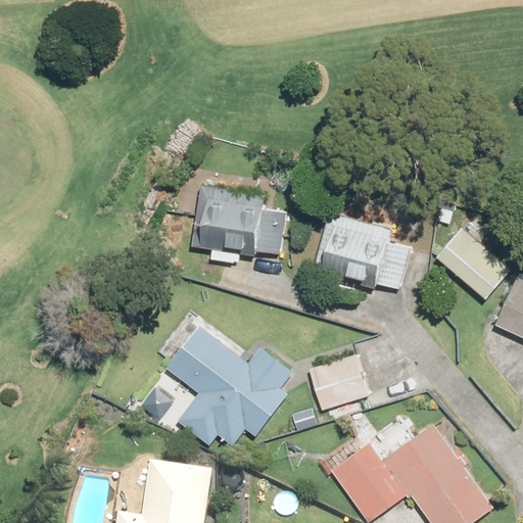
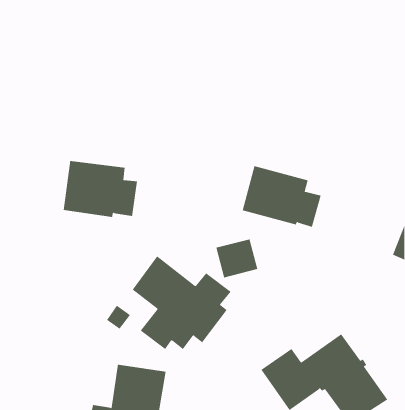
building: [183,184,278,256] -> [63,160,138,217]
building: [436,229,511,300] -> none
building: [311,359,365,409] -> [216,239,258,278]

